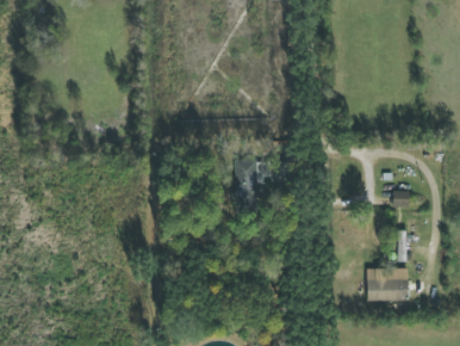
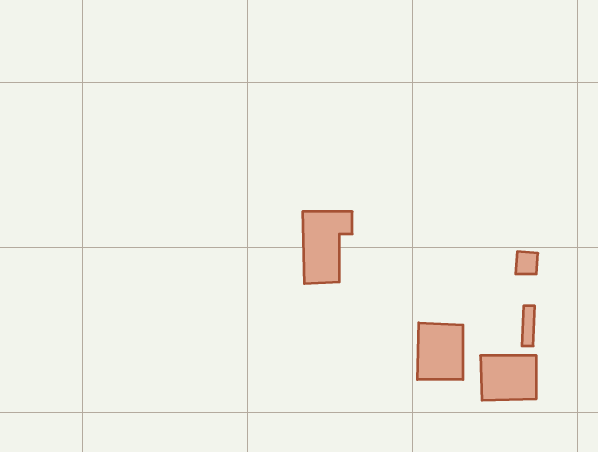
building: none -> [417,323,463,380]

